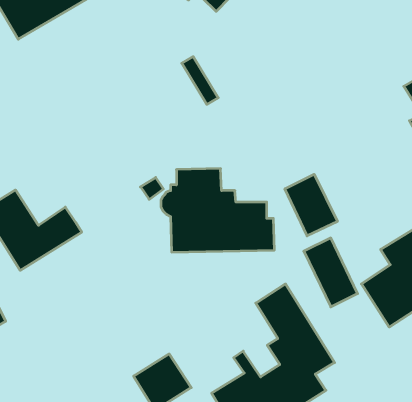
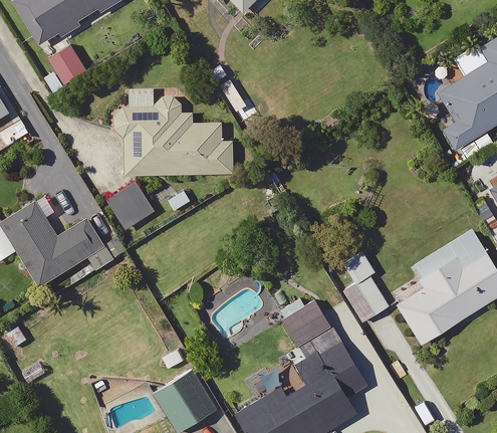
building: none -> [49,46,86,86]
building: [161,169,274,252] -> [112,88,231,176]
building: [285,174,337,236] -> none
building: none -> [107,186,147,227]

